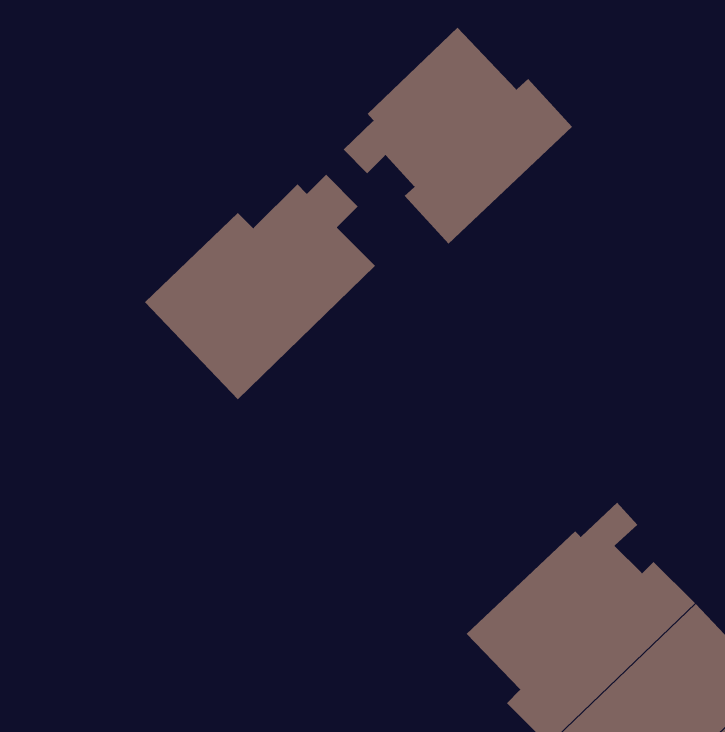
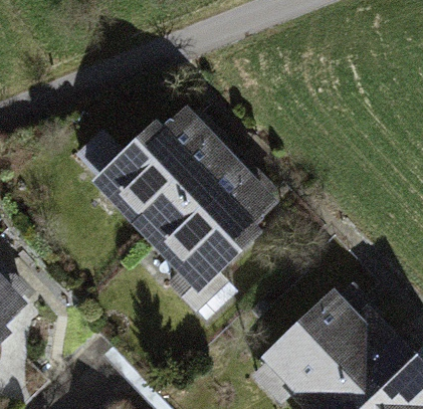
building: [343,27,573,244] -> none
building: none -> [153,162,273,319]

